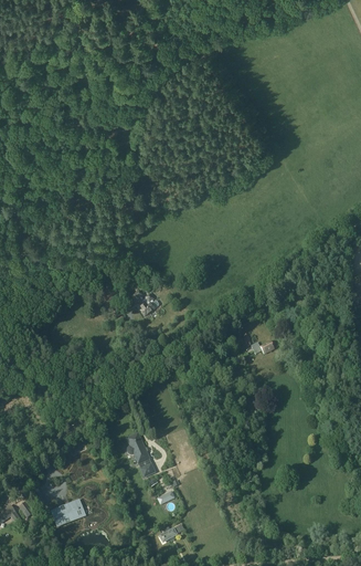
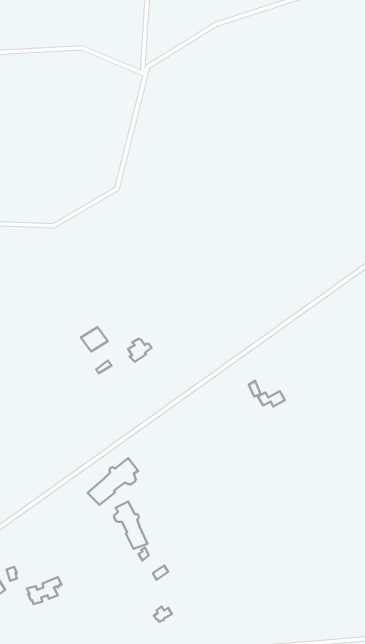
building: none -> [87,458,138,505]

